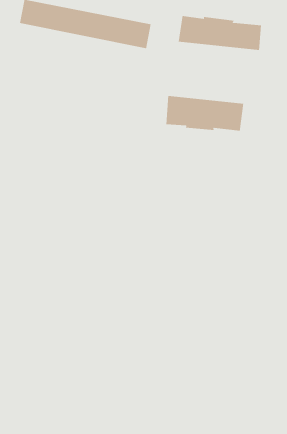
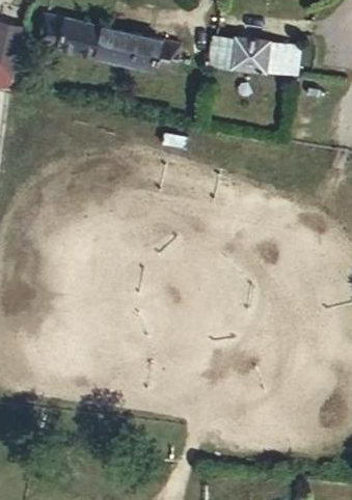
building: [166,95,244,131] -> none

